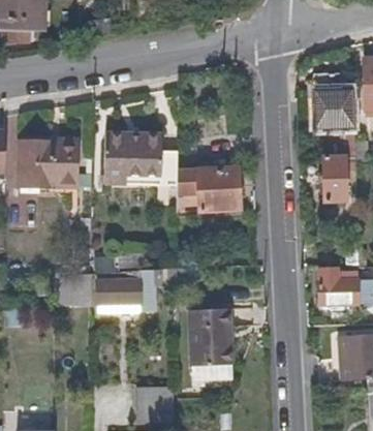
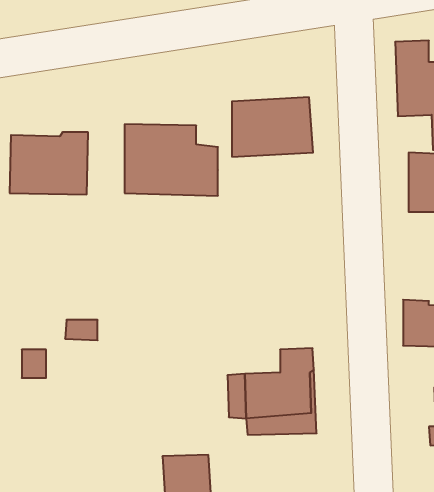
building: [178,165,240,211] -> [232,97,313,157]
building: [99,268,178,310] -> none

